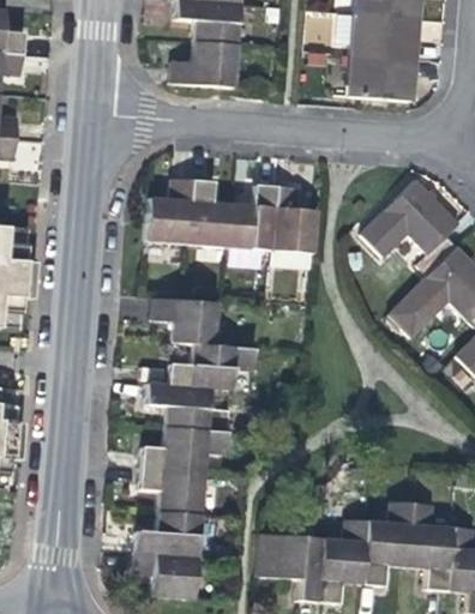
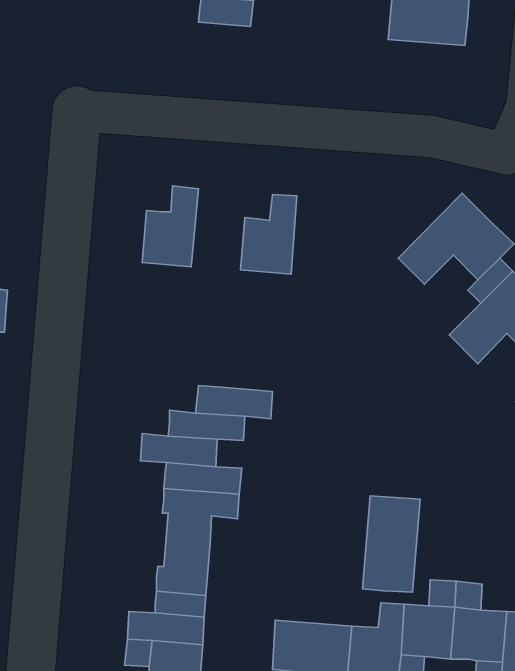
building: [170,40,237,85] -> none
building: [349,54,415,100] -> none
building: [188,177,233,245] -> none
building: [271,183,317,252] -> none
building: [152,296,216,342] -> none
building: none -> [362,496,420,592]
building: [140,445,169,490] -> none

